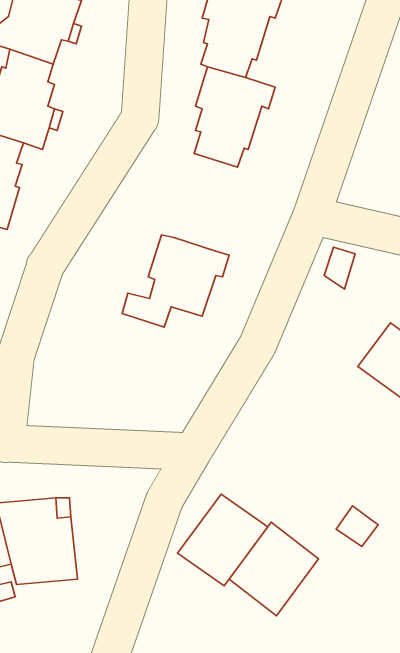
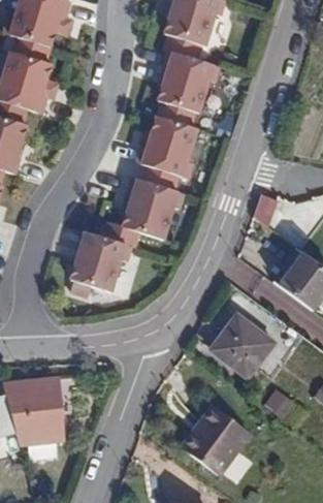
building: none -> [135,120,197,194]
building: none -> [69,237,130,301]
building: none -> [212,310,274,374]
building: [178,494,268,586] -> none

